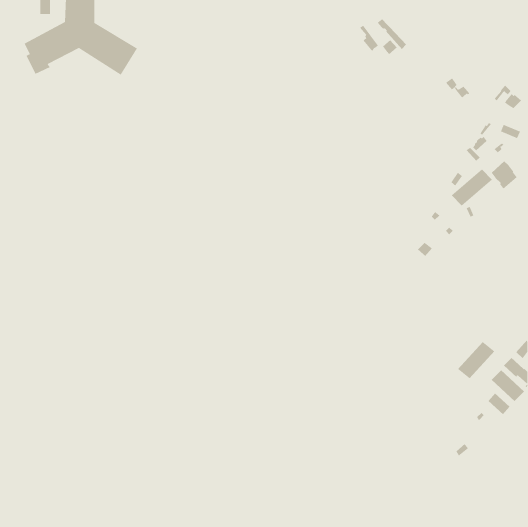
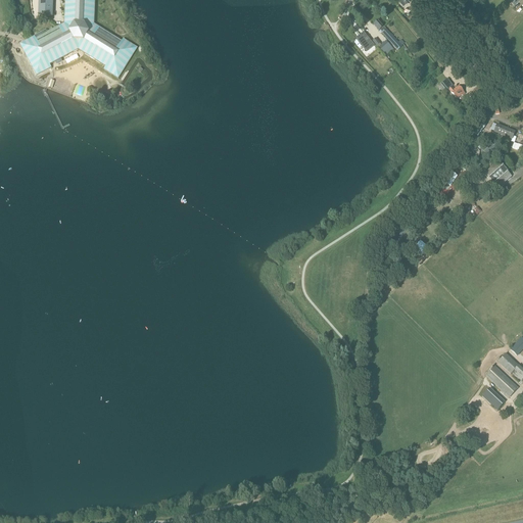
building: [451,168,493,206] -> none
building: [457,341,495,379] -> none

